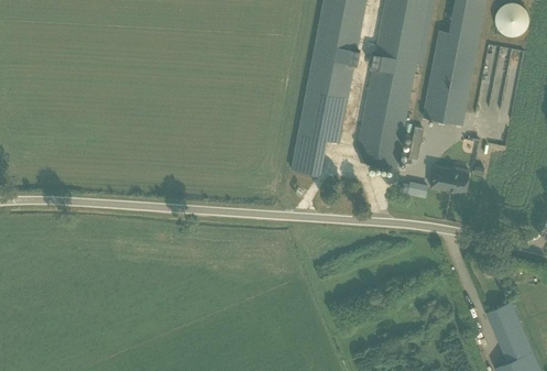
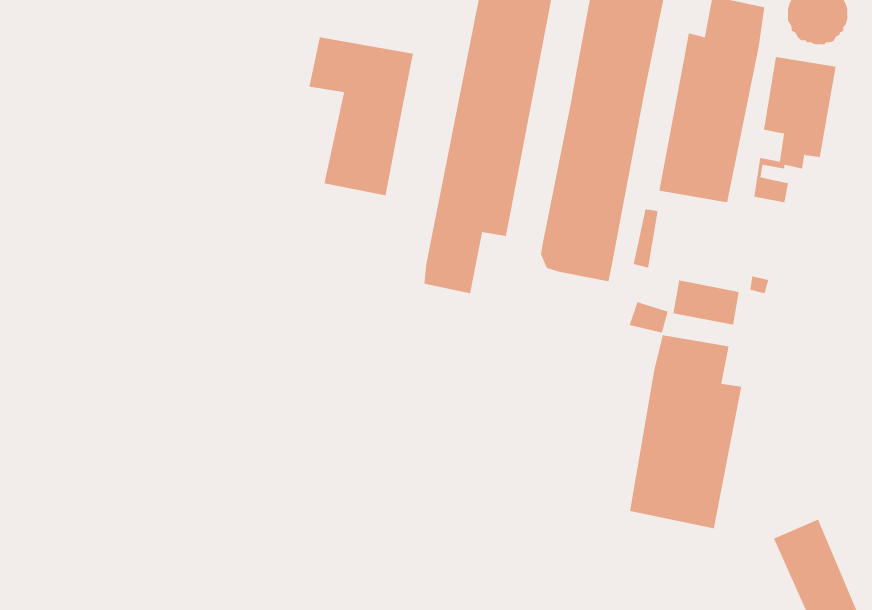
building: none -> [309,37,413,196]
building: none -> [629,335,742,529]

